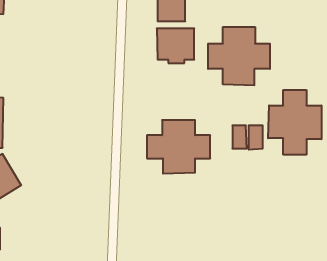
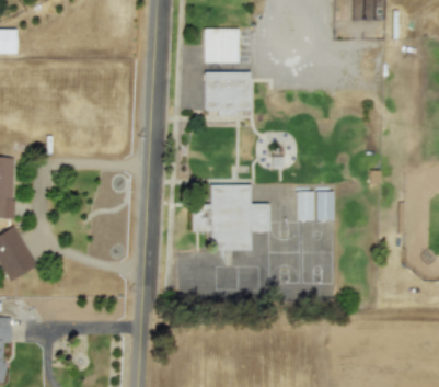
building: [208,27,270,85] -> none
building: [268,90,321,155] -> none

